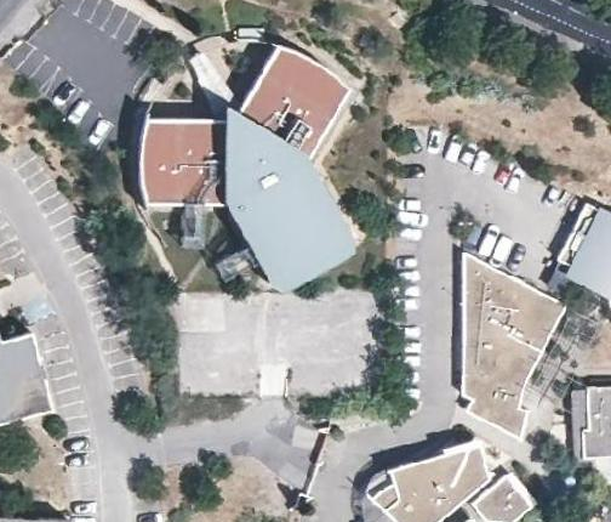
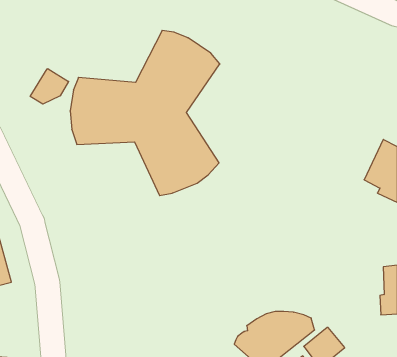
building: none -> [30,69,69,104]
building: [466,255,565,441] -> none

